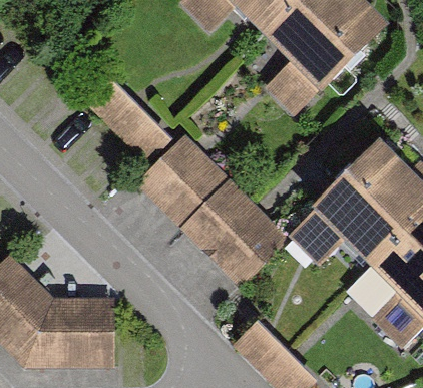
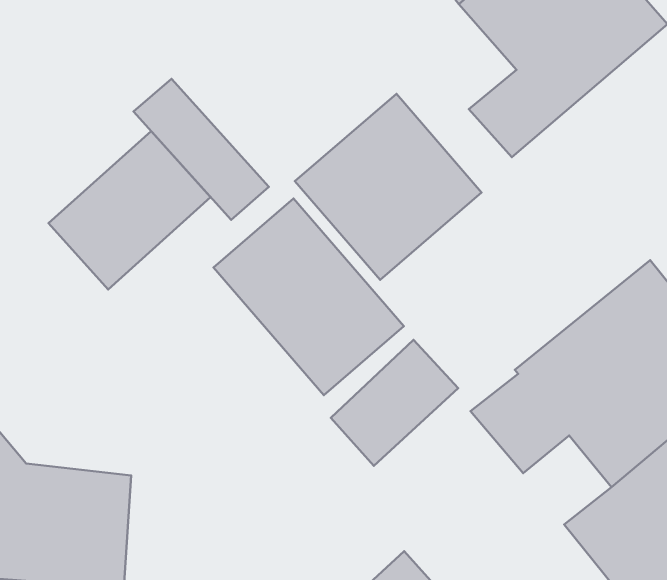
building: none -> [295,94,482,280]
building: none -> [49,131,211,289]

